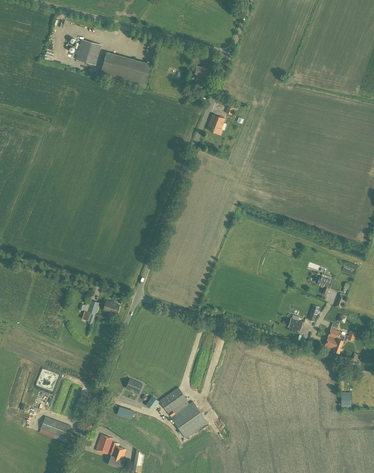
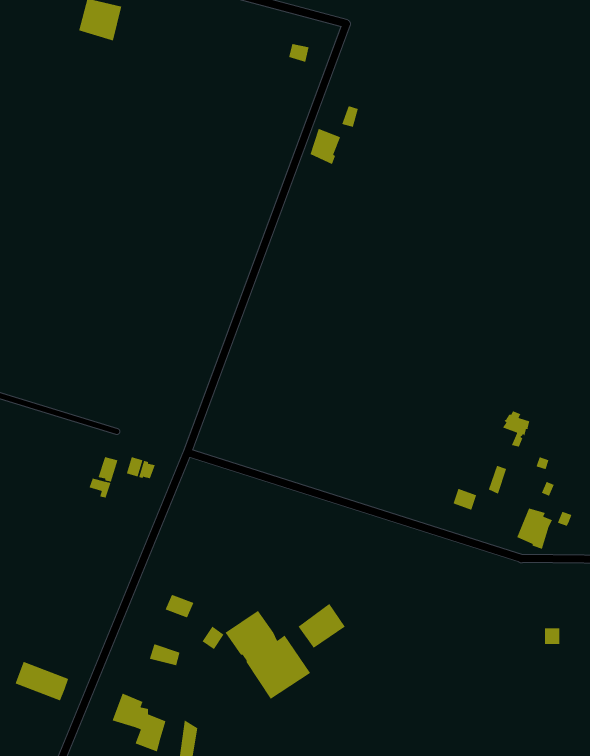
building: [99,51,150,85] -> none
building: none -> [298,603,346,649]

